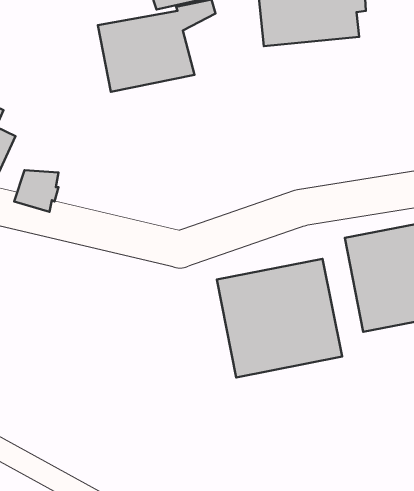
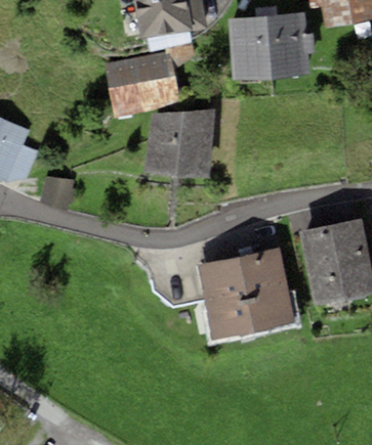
building: none -> [144,109,215,177]

